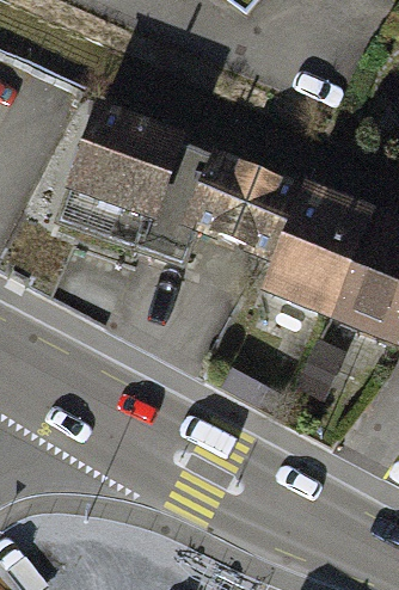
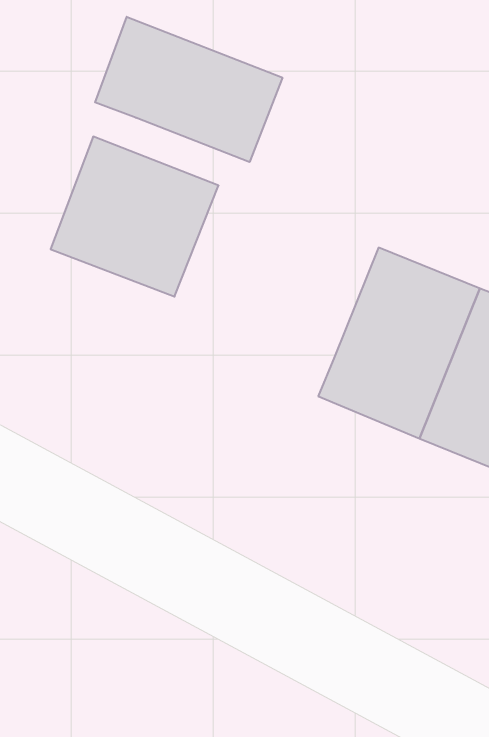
building: none -> [95,17,282,162]
building: [174,146,303,265] -> none

